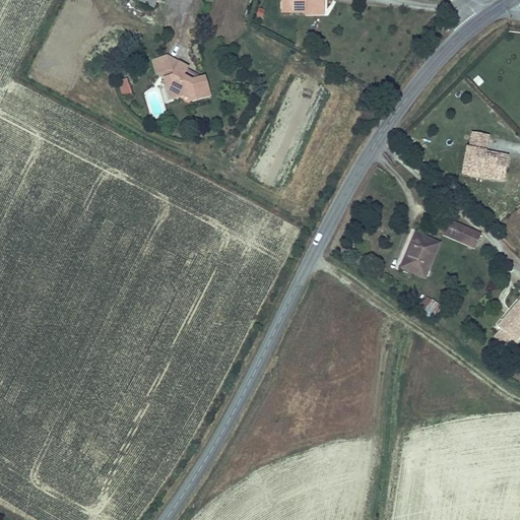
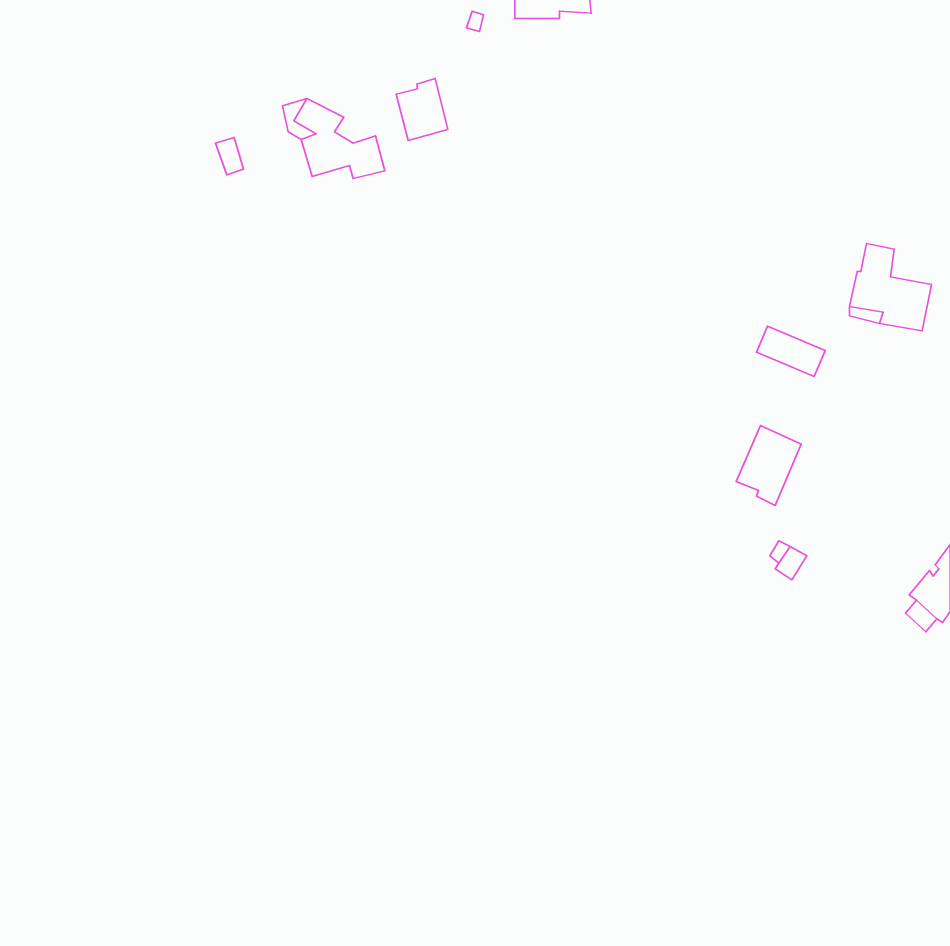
building: none -> [396,79,448,141]
building: [443,219,480,247] -> [756,326,825,376]

